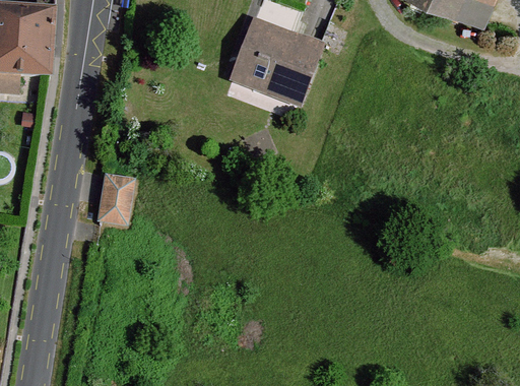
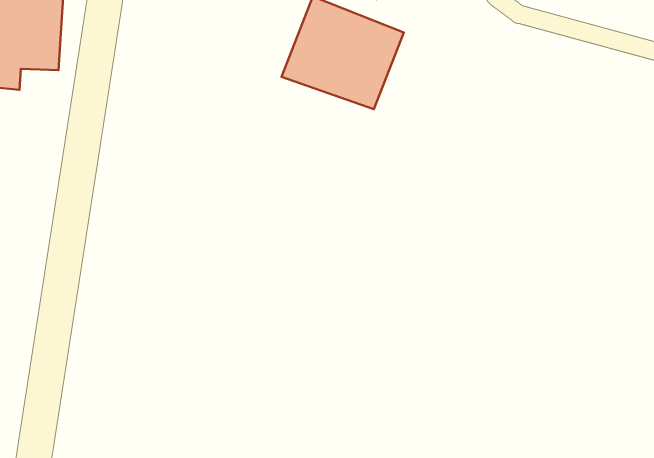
building: [102,176,132,220] -> none

